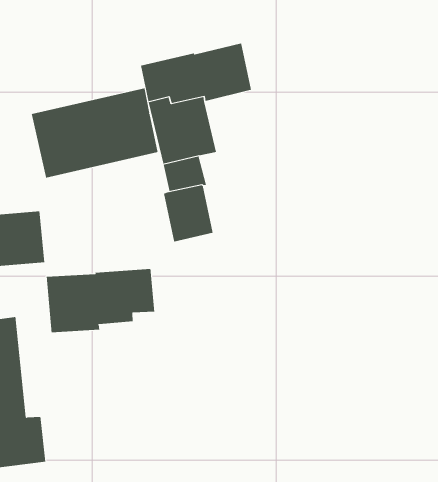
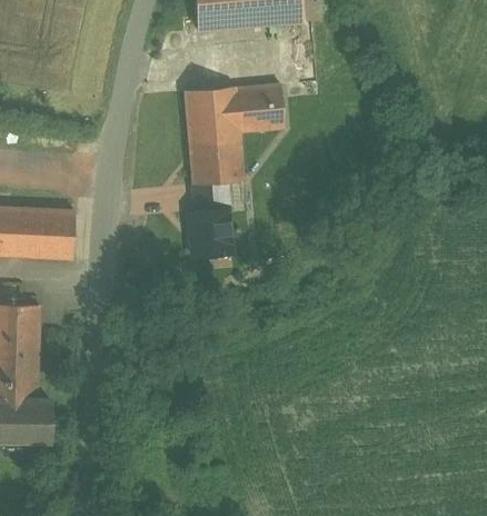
building: [31,87,158,179] -> none
building: [46,268,155,333] -> none

